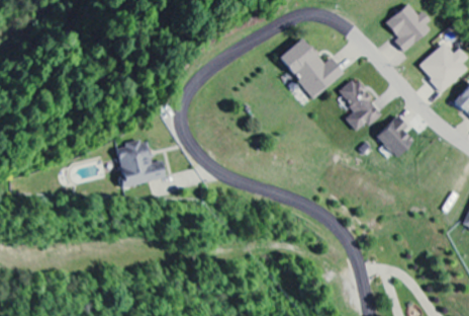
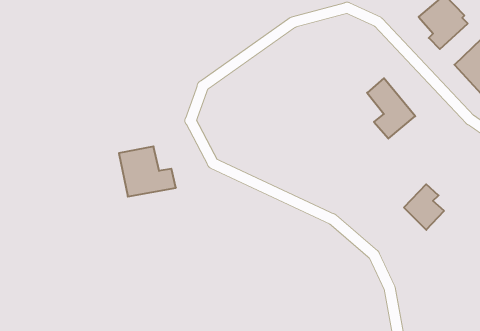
building: [279,36,345,98] -> none
building: [377,115,413,157] -> [404,184,444,230]

